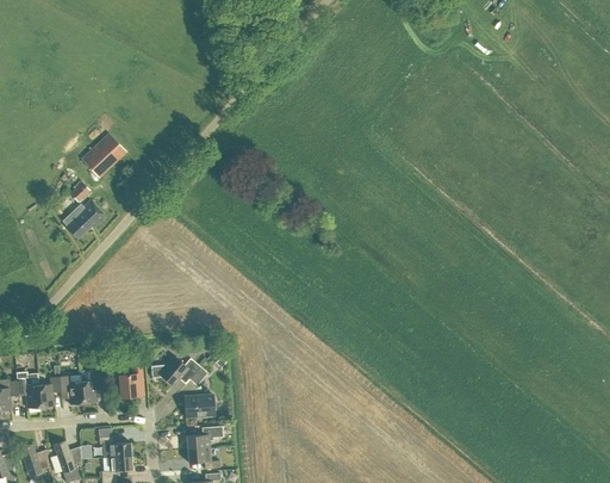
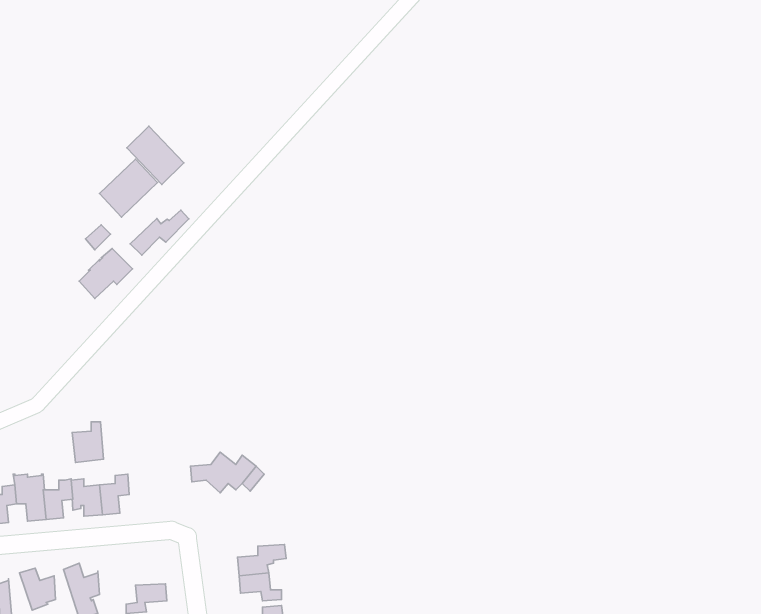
building: none -> [127,126,184,184]
building: none -> [130,210,189,255]
building: [119,366,143,397] -> [72,422,104,462]
building: [185,394,213,417] -> none
building: [99,435,131,457] -> none

